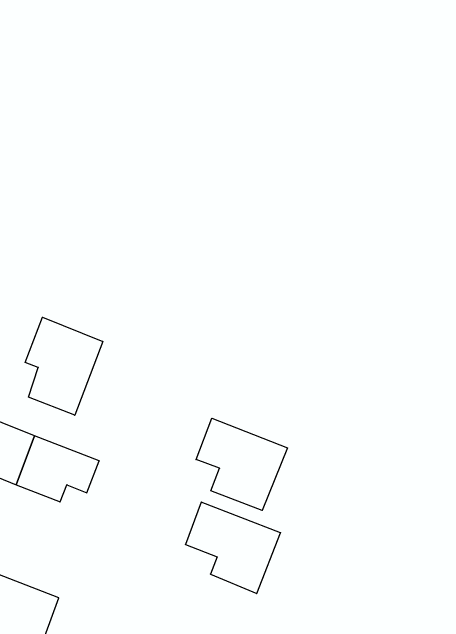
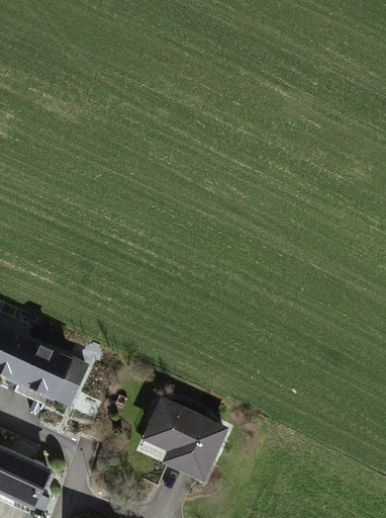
building: [25,317,103,415] -> none
building: [196,418,288,510] -> none

